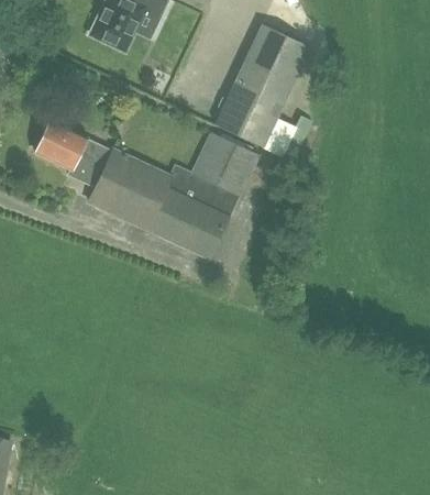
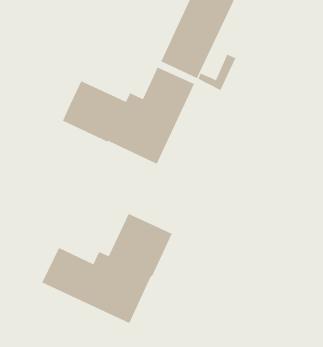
building: [35,121,113,187] -> none
building: none -> [42,213,172,324]

